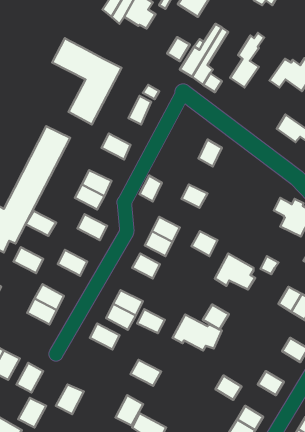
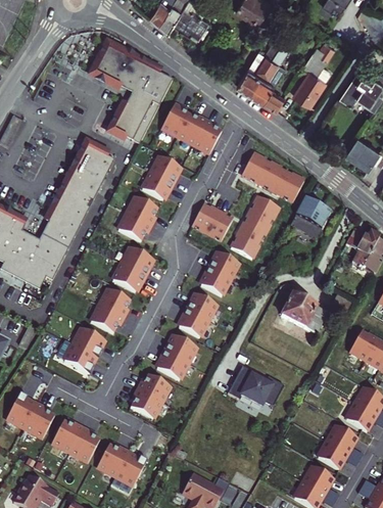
building: [167,37,190,61] -> none
building: none -> [161,103,192,138]
building: none -> [194,120,223,153]
building: none -> [241,153,270,184]
building: none -> [140,172,175,201]
building: none -> [276,172,303,201]
building: none -> [248,196,279,224]
building: none -> [290,196,330,238]
building: none -> [207,212,232,240]
building: [26,211,56,236] -> [112,264,147,292]
building: [192,231,218,256] -> [231,230,260,259]
building: [14,247,43,273] -> [91,305,125,334]
building: [203,305,229,329] -> none
building: [137,309,165,333] -> [176,309,207,336]
building: none -> [345,404,375,431]
building: [131,360,161,386] -> [127,388,161,418]
building: [215,376,241,400] -> [318,442,347,469]
building: [116,395,143,426] -> [115,450,147,484]
building: [18,398,46,427] -> [69,426,101,460]

